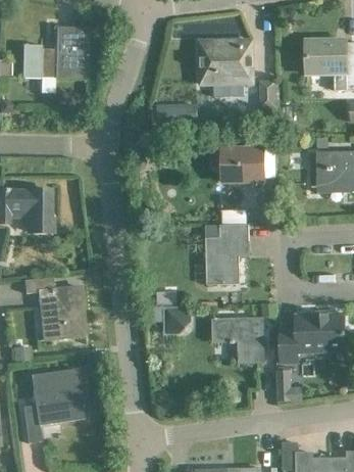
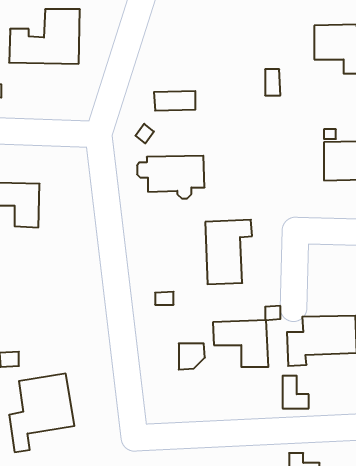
building: [200,42,253,96] -> none
building: [212,149,275,189] -> [137,156,205,198]
building: [22,277,84,338] -> none
building: [166,309,191,333] -> [179,343,205,370]

